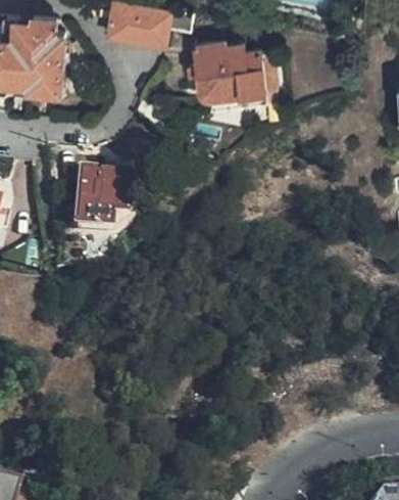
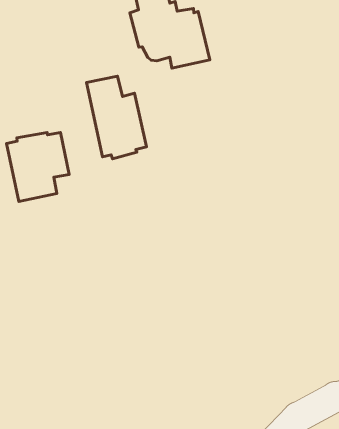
building: none -> [86,76,146,159]

